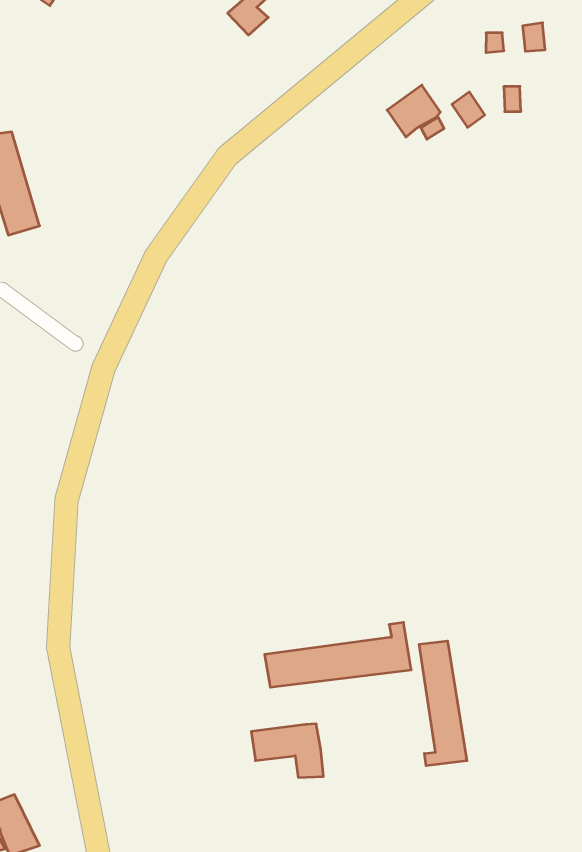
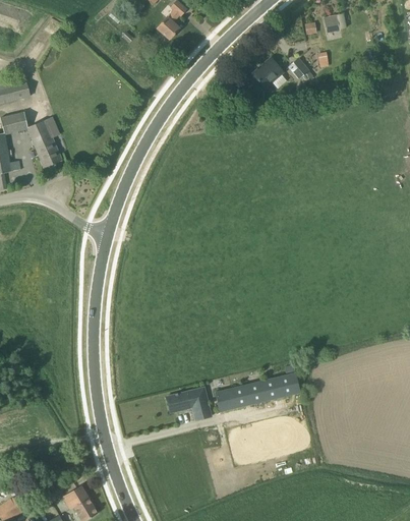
building: [419,641,467,766] -> none
building: [251,724,323,777] -> [166,389,210,420]

